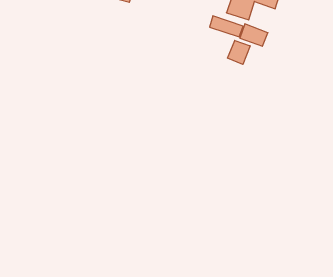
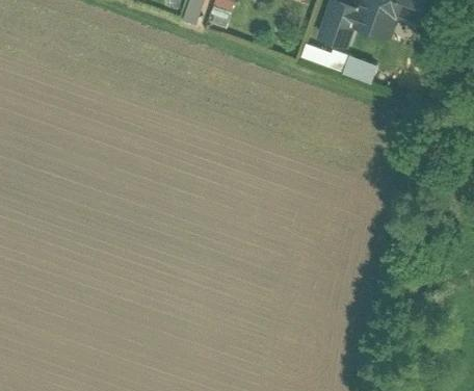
building: [228,40,250,64] -> none

